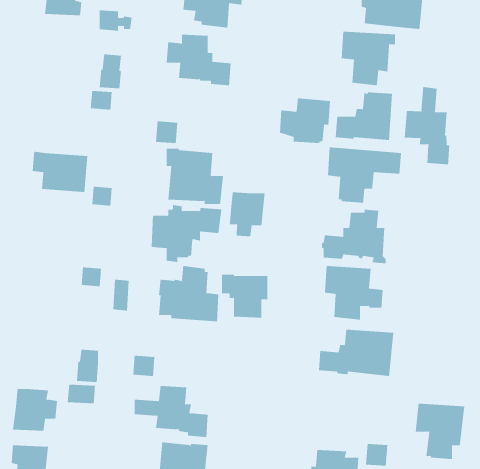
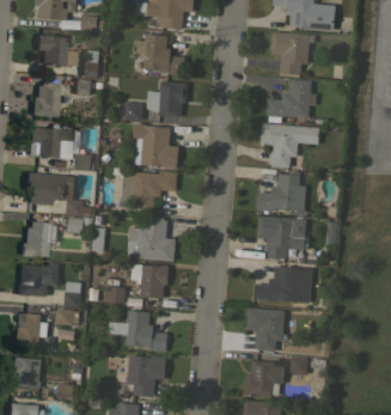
building: none -> [36,35,78,67]
building: [404,86,450,165] -> none
building: none -> [31,84,60,117]
building: [279,98,331,143] -> [147,81,188,117]
building: [229,192,265,237] -> none
building: none -> [25,172,92,215]
building: none -> [20,220,57,257]
building: [221,274,268,318] -> [132,264,169,299]
building: none -> [16,263,60,297]
building: [415,403,465,459] -> [246,307,286,352]

